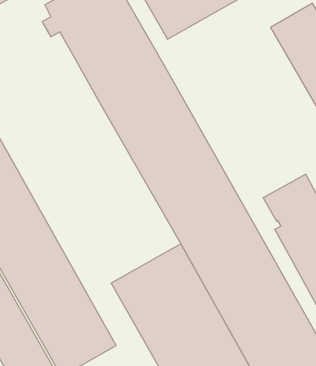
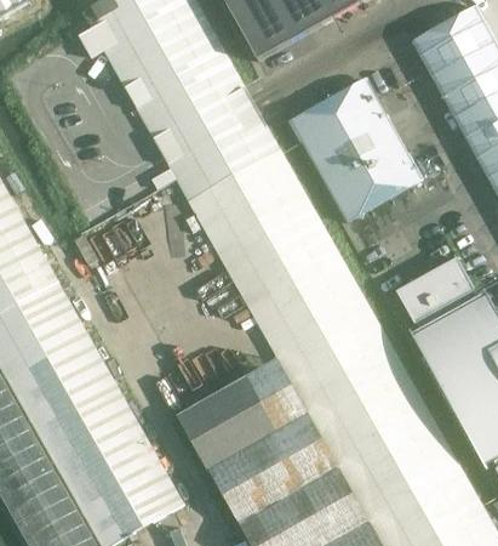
building: none -> [291,78,422,221]

